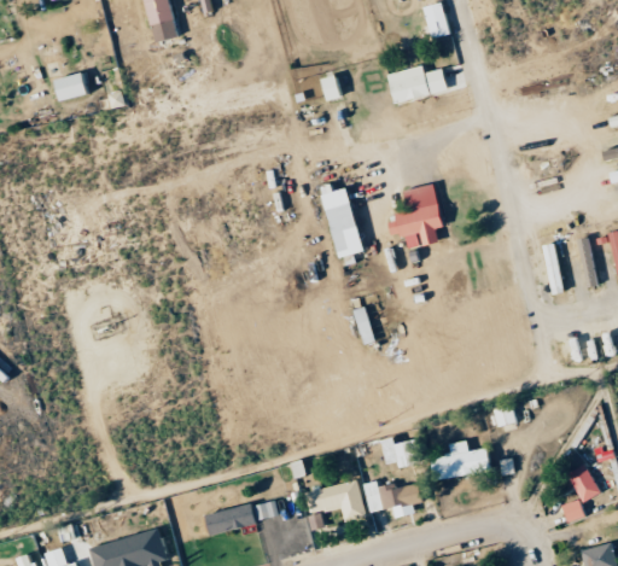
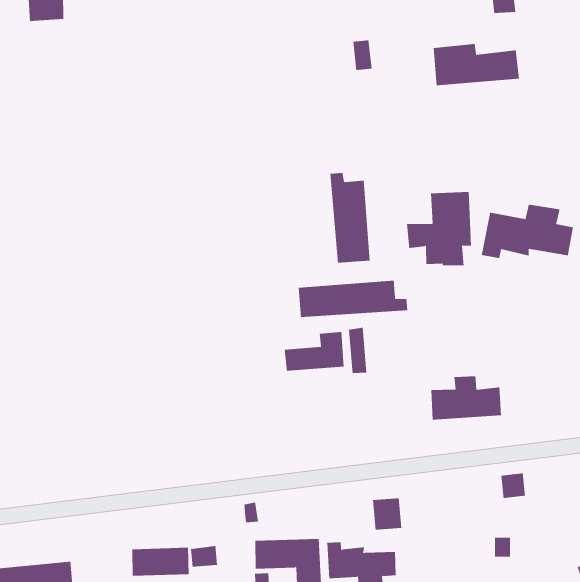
building: none -> [481,204,573,259]
building: none -> [298,280,408,318]
building: none -> [284,331,344,372]
building: [431,440,491,482] -> [431,376,502,420]

